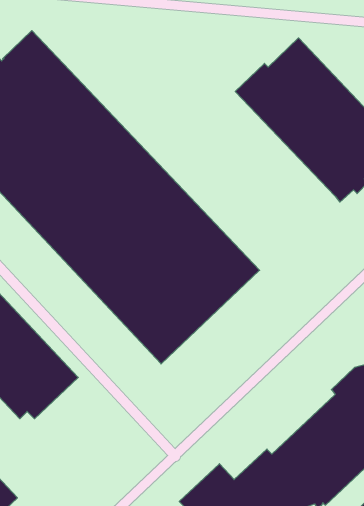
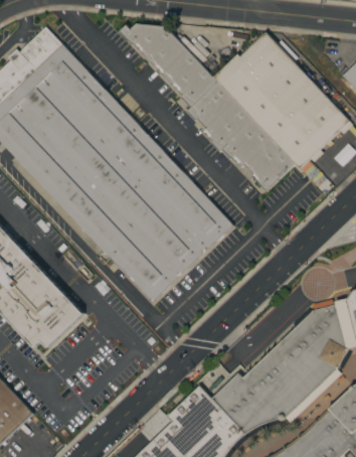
building: none -> [120,23,296,191]

